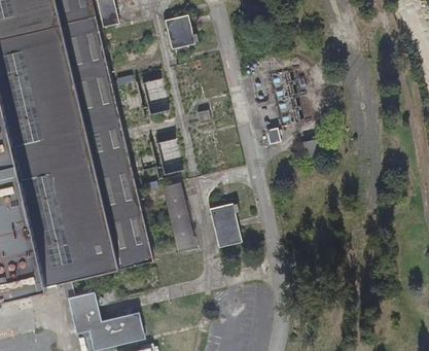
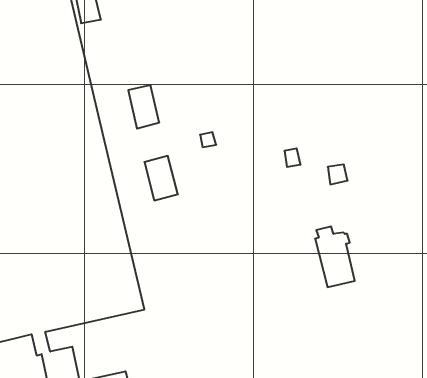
building: [165,11,191,47] -> none
building: [160,178,192,249] -> none
building: [209,199,242,249] -> [315,226,355,287]

